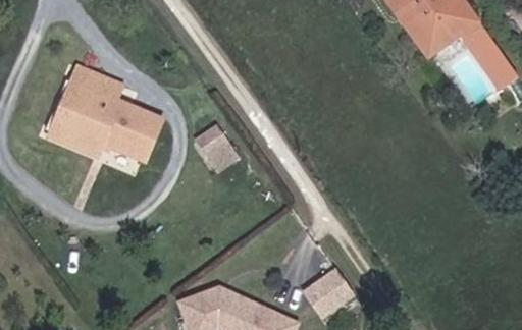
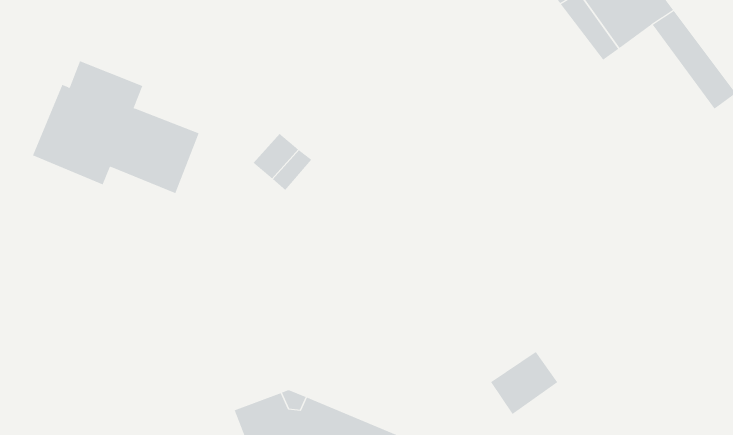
building: [296,266,343,310] -> [490,351,558,415]

